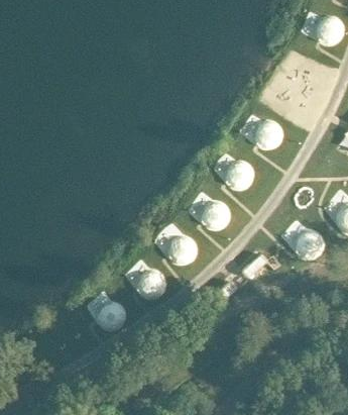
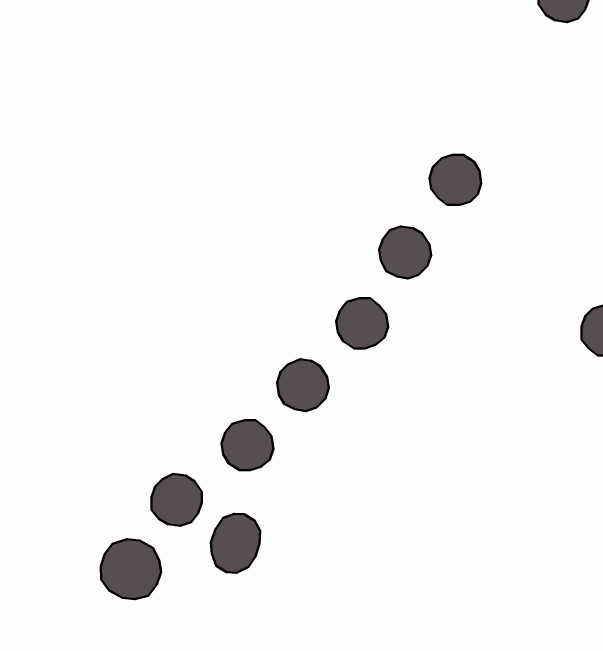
building: [291,229,320,258] -> none
building: none -> [211,514,260,573]
building: none -> [101,539,161,599]

